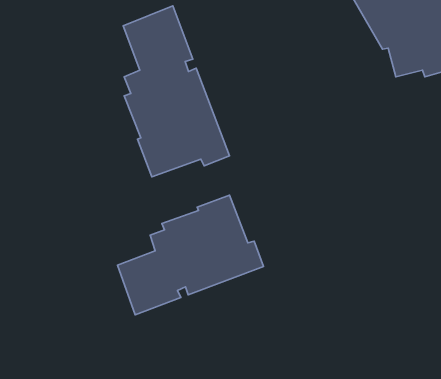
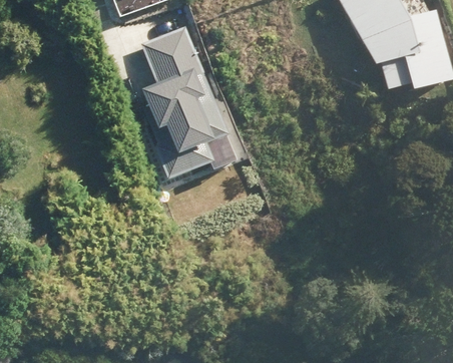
building: [117,195,263,315] -> none

